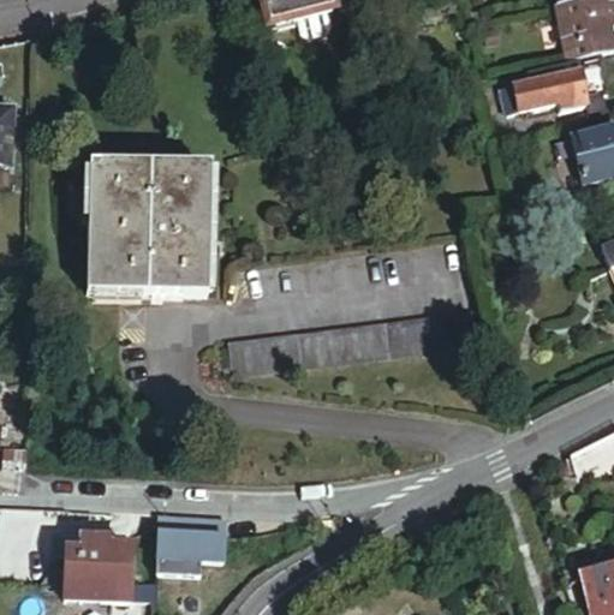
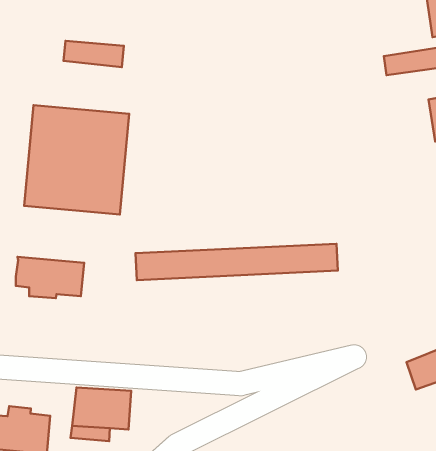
building: none -> [64,41,124,67]
building: none -> [16,257,84,298]

